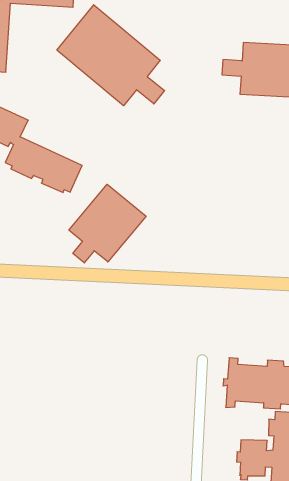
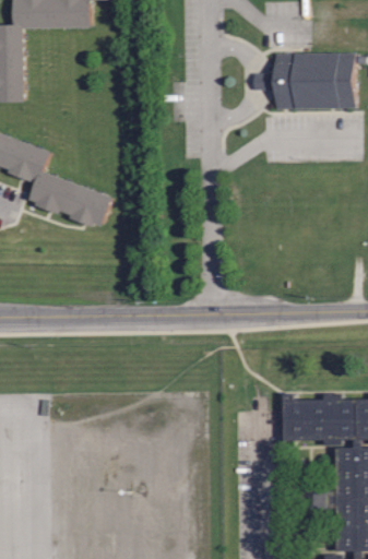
building: [57,5,165,106] -> none
building: [69,184,146,263] -> none

